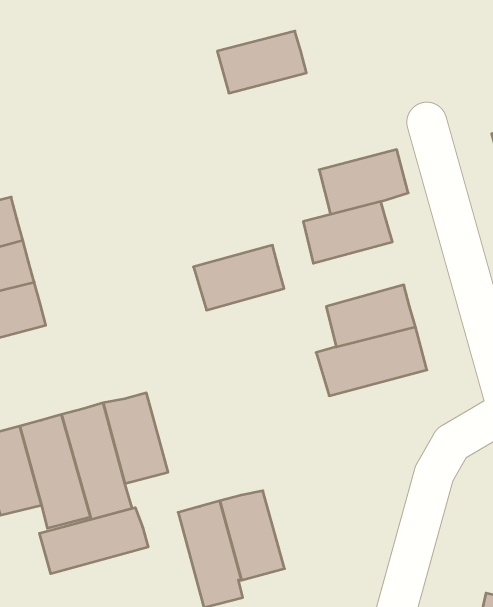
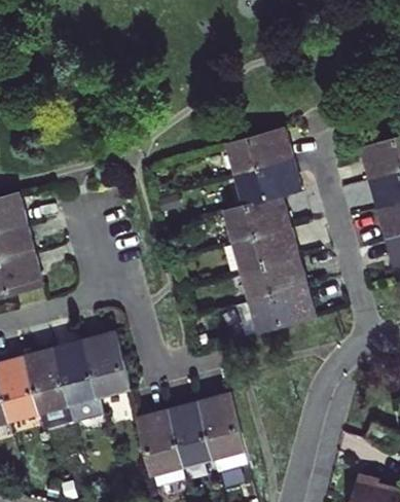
building: [217,31,306,93] -> [229,129,293,173]
building: [193,245,284,310] -> [233,224,298,271]
building: none -> [197,393,247,469]
building: [39,508,148,574] -> none

